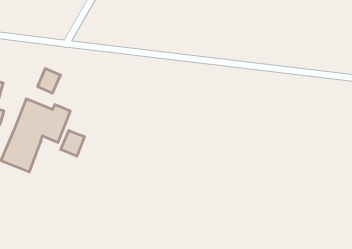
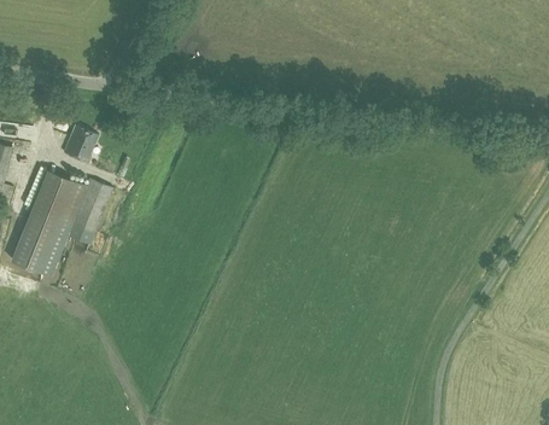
building: [61,130,84,156] -> none

